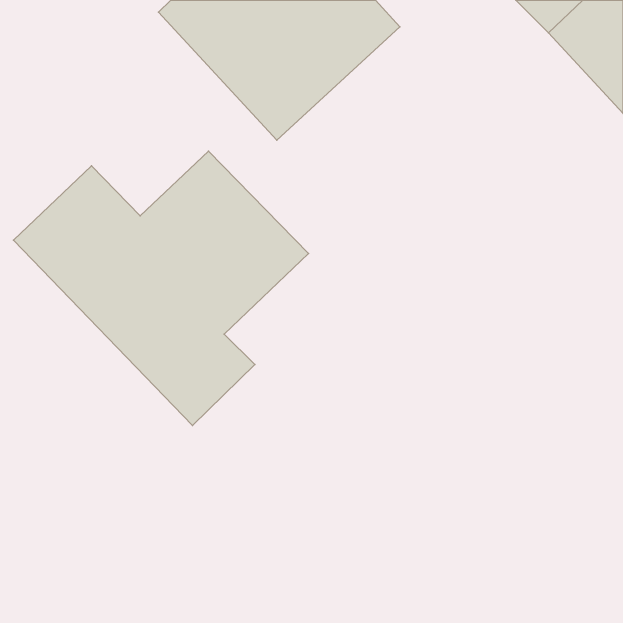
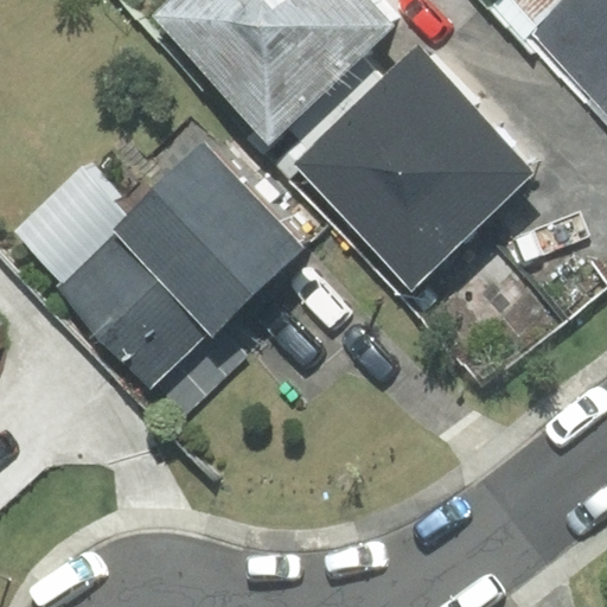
building: none -> [298,51,531,285]

